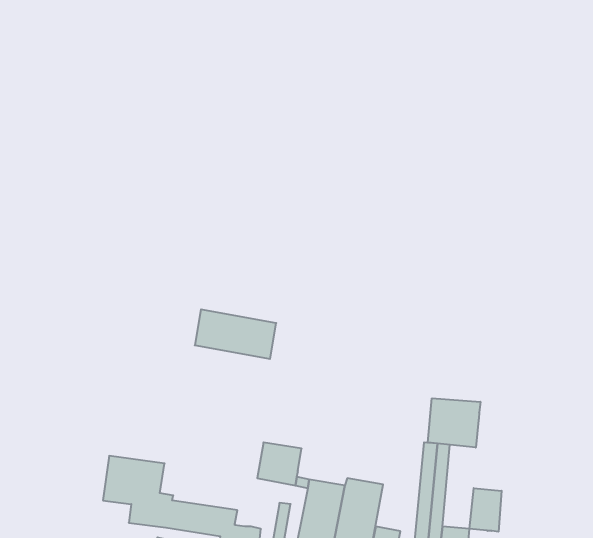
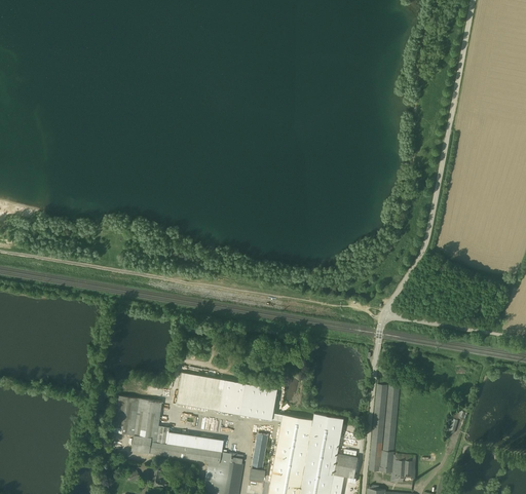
building: [195,309,276,359] -> [177,373,245,414]
building: [428,398,480,448] -> none
building: [470,488,502,532] -> none

